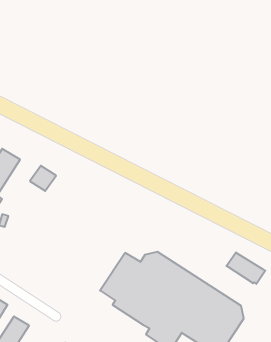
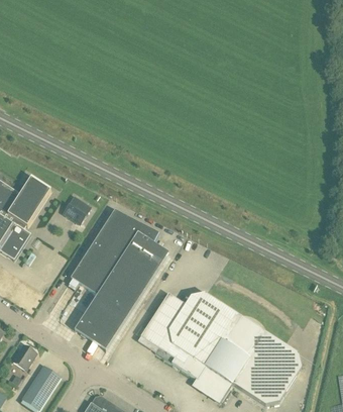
building: none -> [70,210,167,350]
building: [226,252,265,284] -> none

